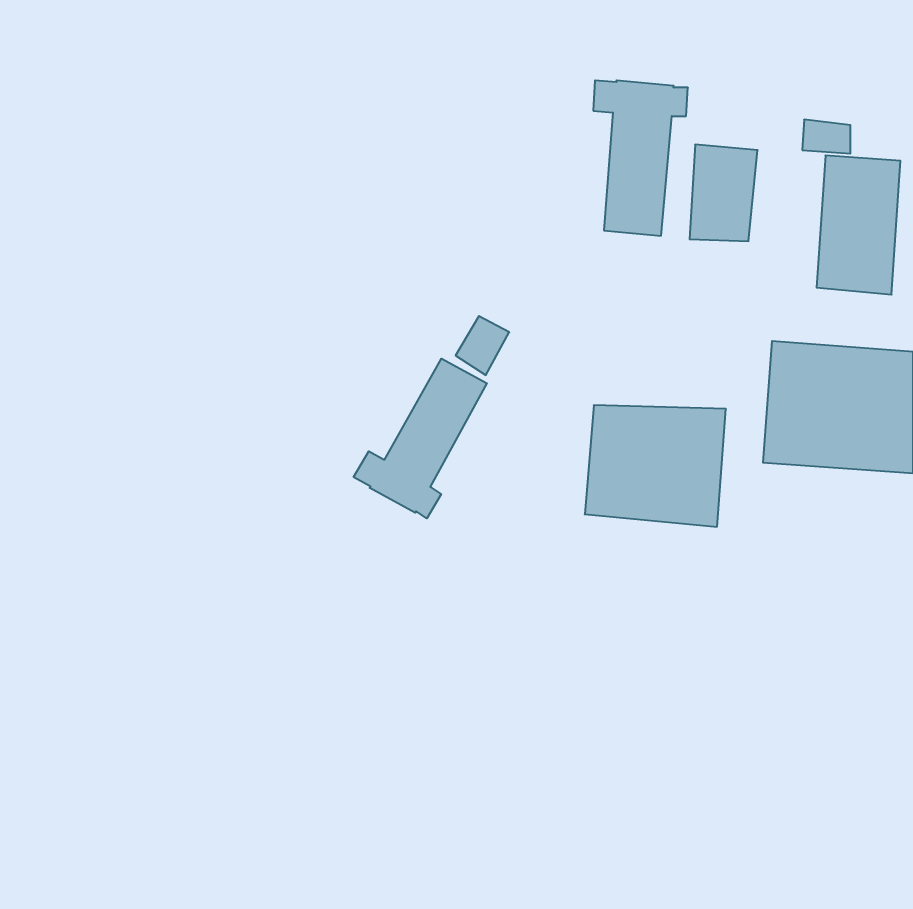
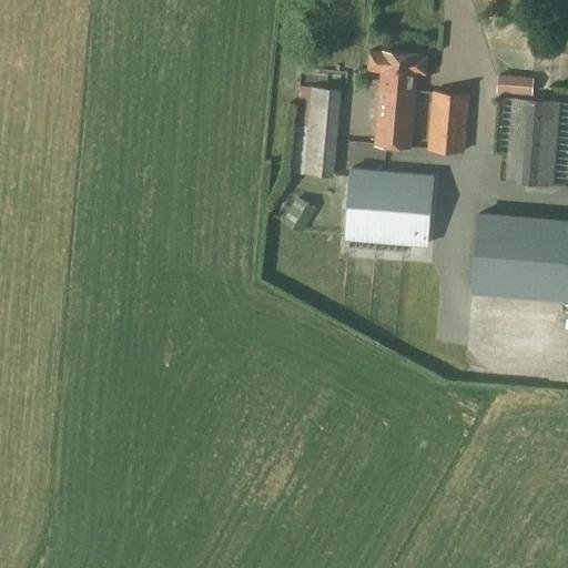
building: none -> [292,88,341,179]
building: [354,359,487,518] -> none
building: [585,405,726,527] -> [345,172,433,247]

